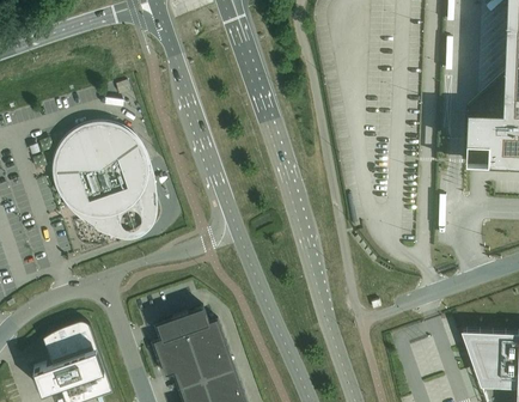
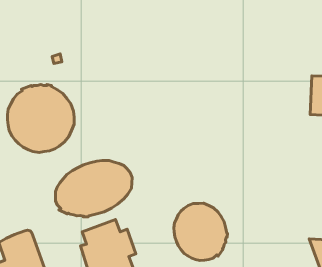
building: none -> [55,160,132,217]
building: none -> [174,203,227,261]

